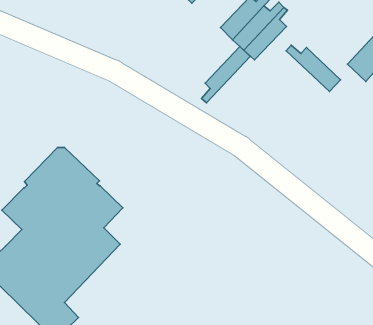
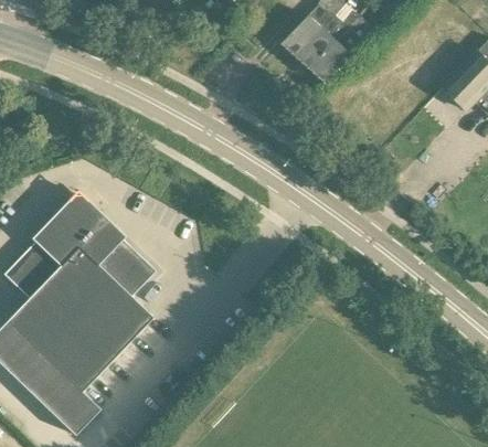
building: [286,45,341,92] -> none
building: [201,46,250,103] -> none

